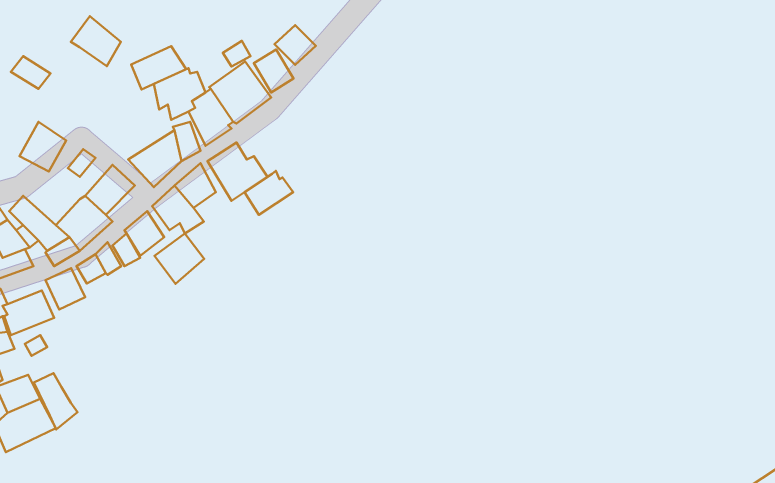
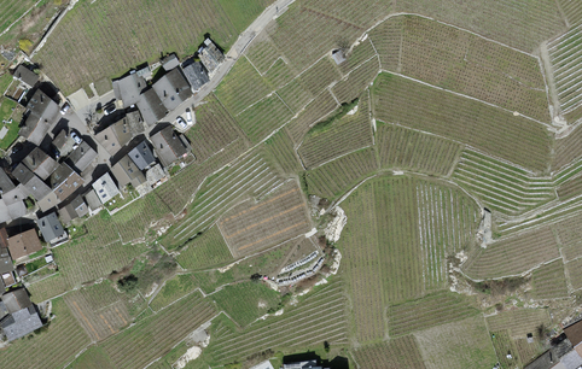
building: [71,16,121,66] -> [24,89,59,124]
building: [131,46,186,89] -> none
building: [245,171,293,215] -> none
building: none -> [19,147,59,183]
building: [154,234,204,284] -> none
building: [34,373,78,429] -> none

